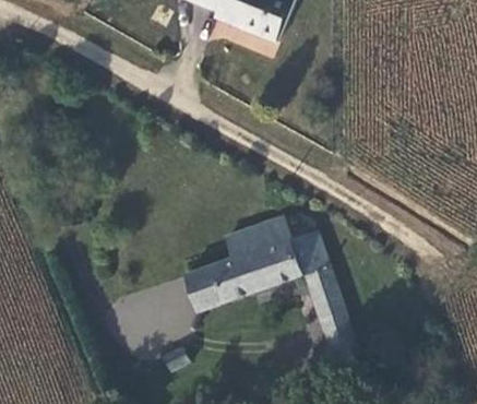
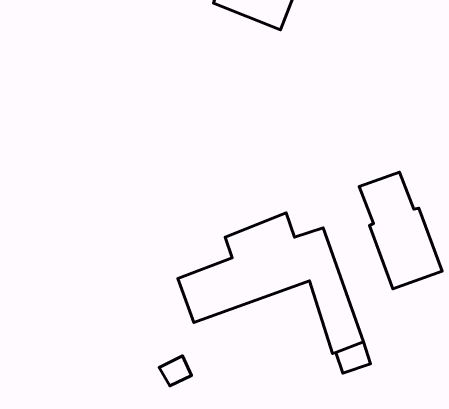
building: none -> [359,172,442,289]

